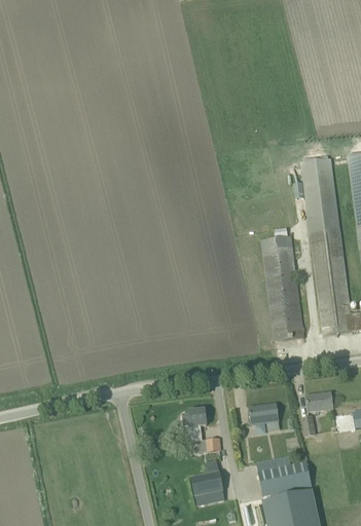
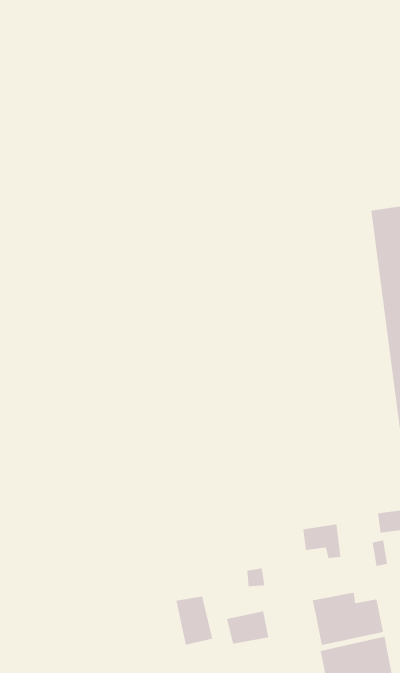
building: [261,236,303,341] -> none
building: [182,409,208,441] -> none
building: none -> [176,595,213,645]

